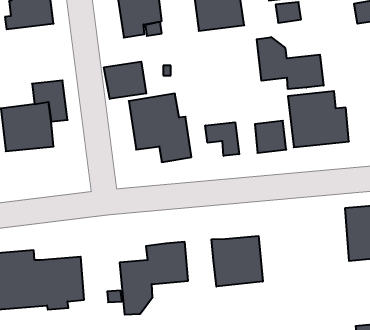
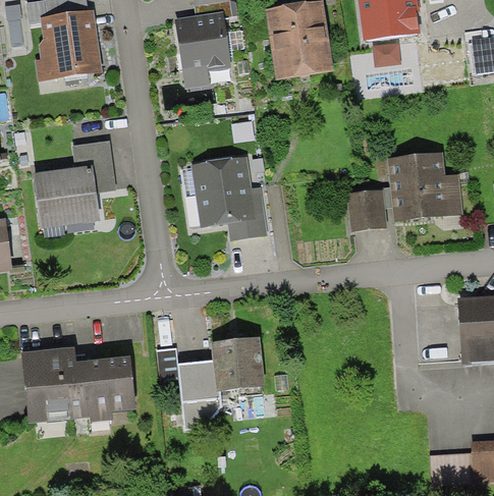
building: [257,37,324,89] -> none
building: [104,62,146,99] -> none
building: [205,122,239,156] -> none
building: [212,236,263,287] -> none

